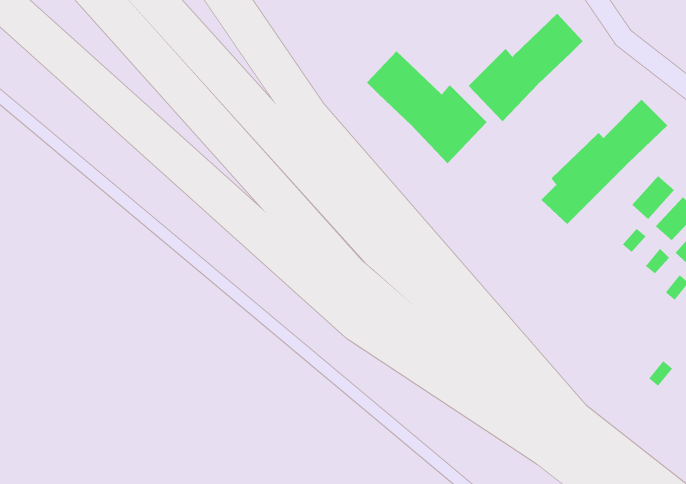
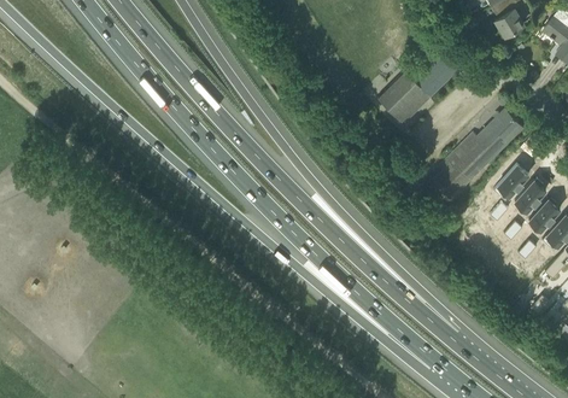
building: [366,50,488,164] -> none

